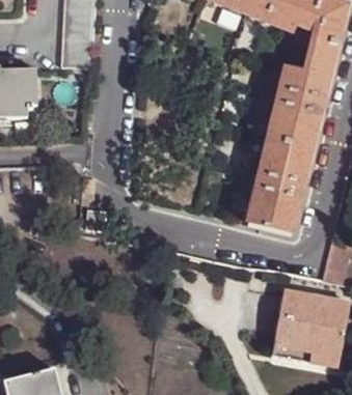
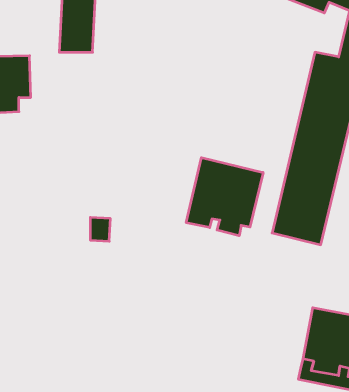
building: none -> [186,158,263,236]

